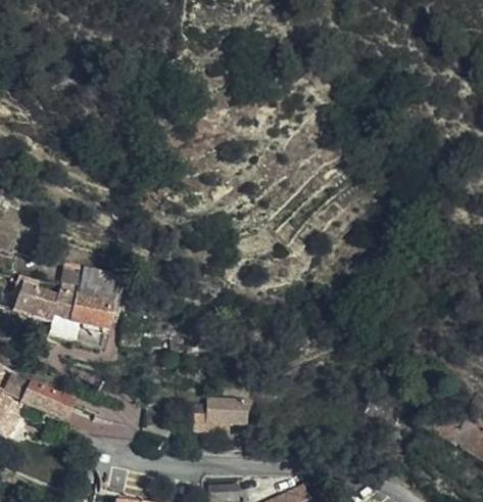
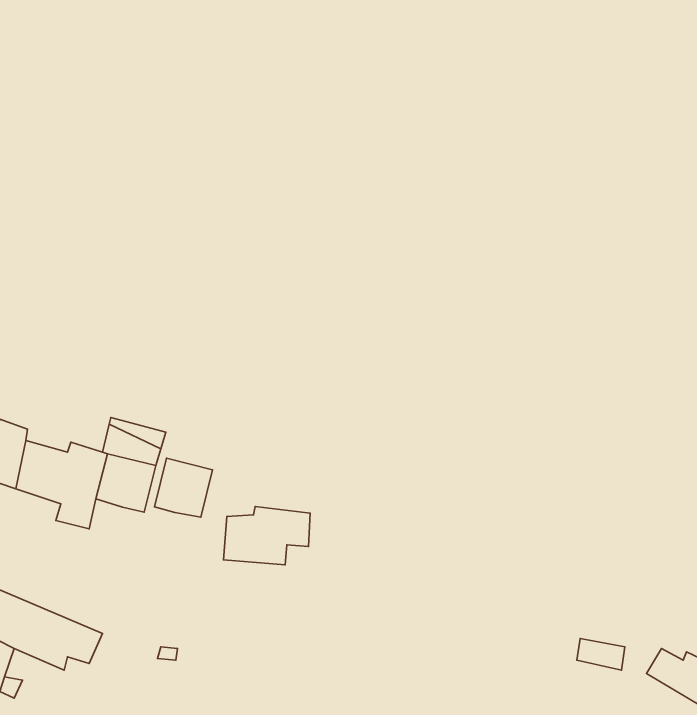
building: none -> [154,458,212,517]
building: [195,396,248,431] -> [224,507,310,565]

